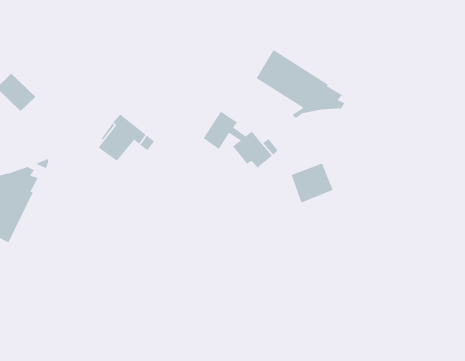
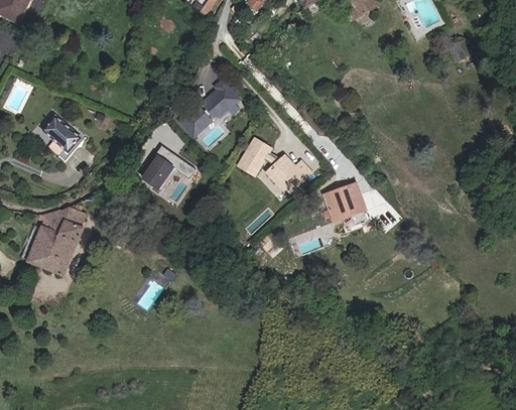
building: none -> [177,81,236,138]
building: [256,49,345,119] -> none

